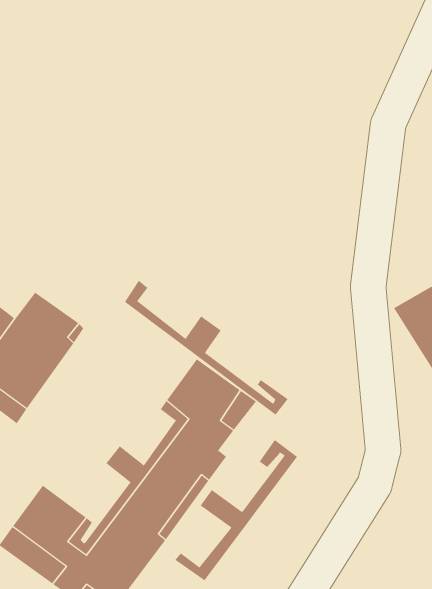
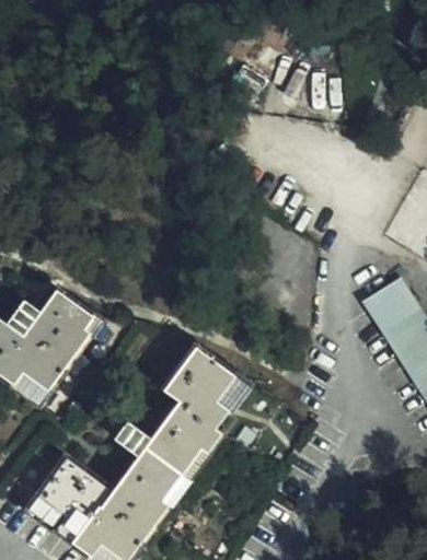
building: [124,280,288,415] -> none
building: [175,439,298,581] -> none

